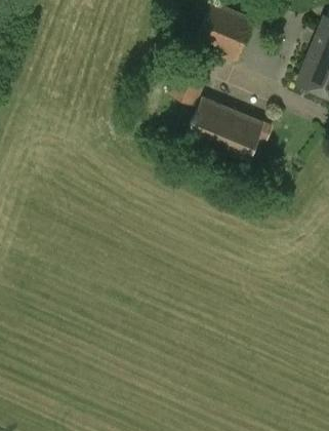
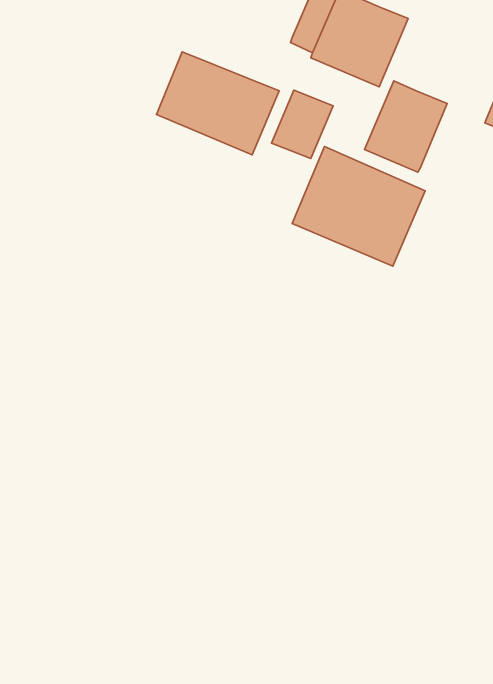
building: none -> [156,52,279,155]
building: none -> [365,81,447,172]

